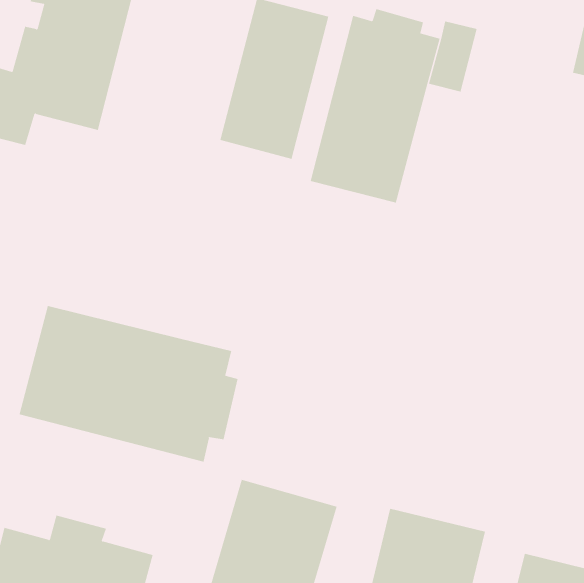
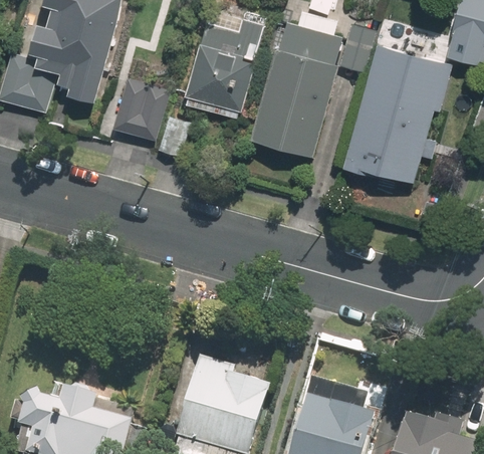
building: none -> [341,45,445,177]
building: none -> [116,78,174,140]
building: [19,305,238,463] -> none

